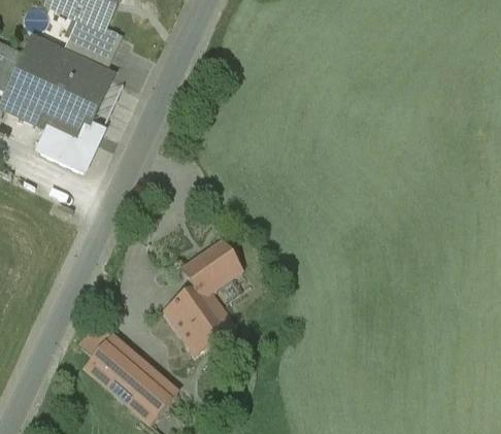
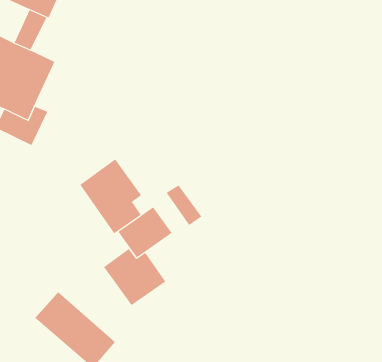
building: [81,24,123,72] -> none
building: none -> [79,158,142,234]
building: none -> [166,185,202,226]

